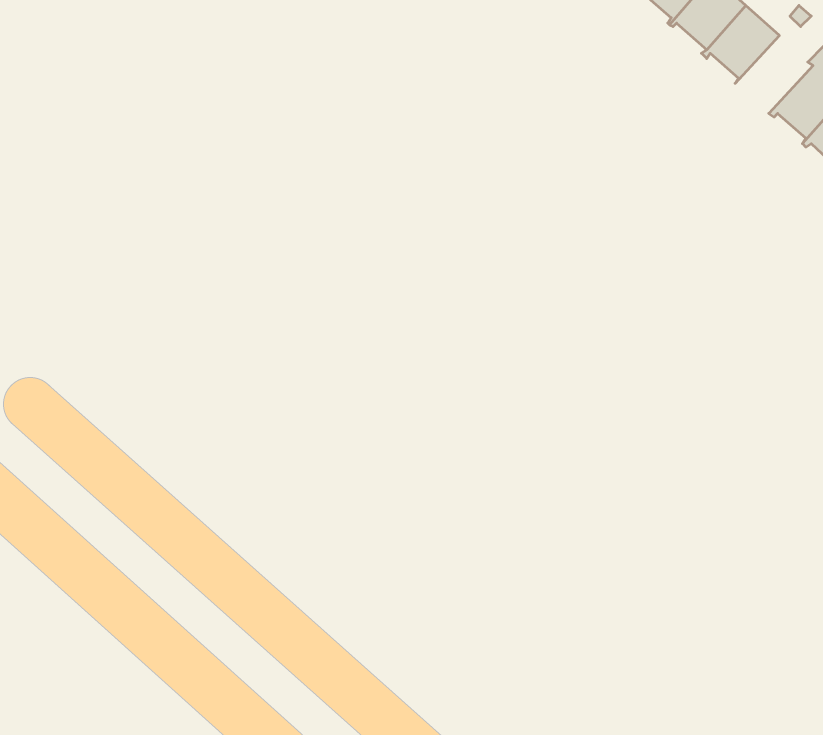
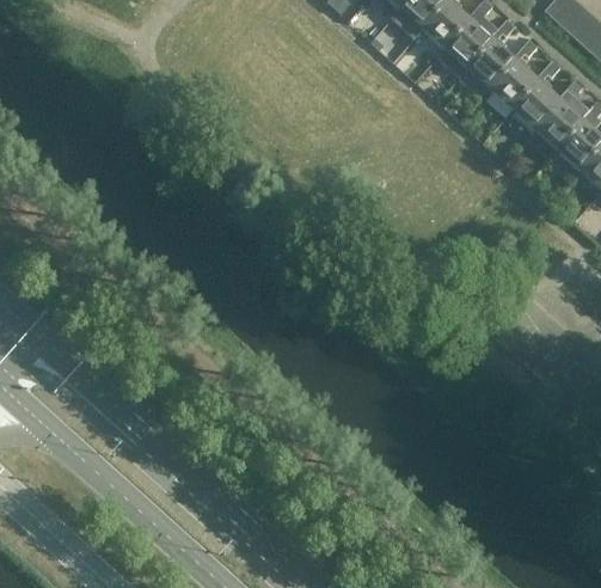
building: none -> [510,80,563,133]

